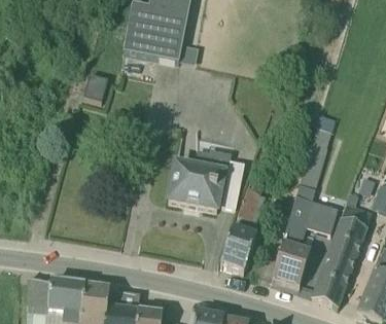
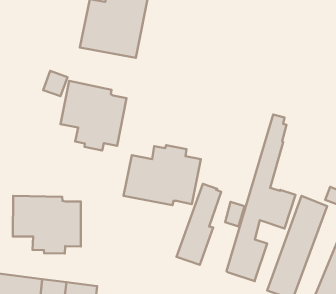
building: none -> [61,81,127,150]
building: none -> [13,196,81,253]

